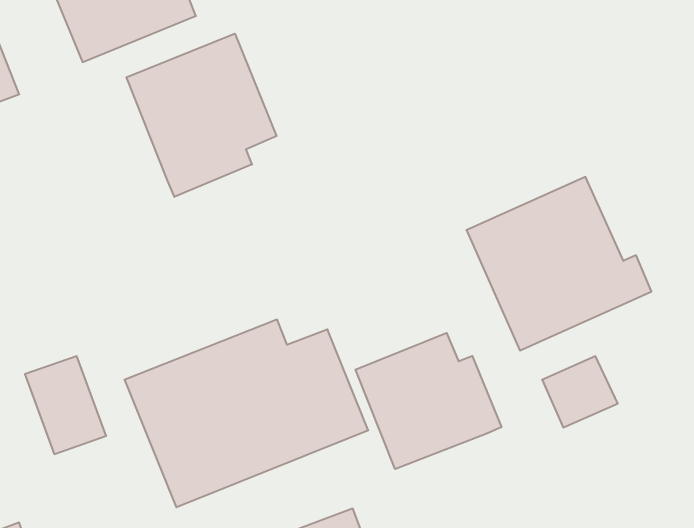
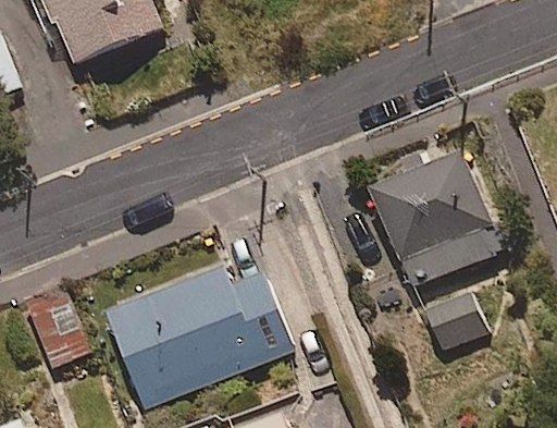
building: [126,34,277,197] -> none
building: [356,333,501,469] -> none

